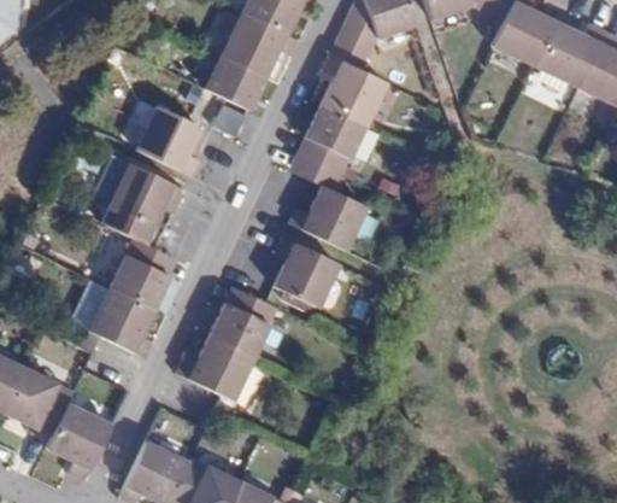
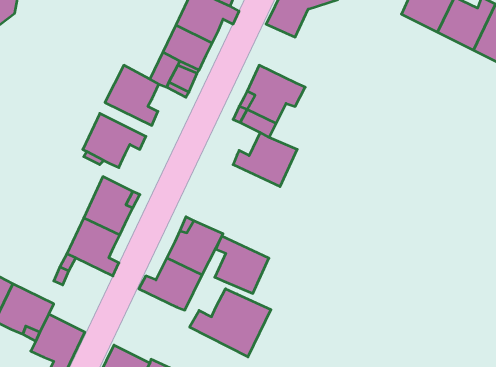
building: [321,55,386,127] -> none
building: [274,238,339,306] -> [215,236,269,293]
building: none -> [190,289,271,357]

